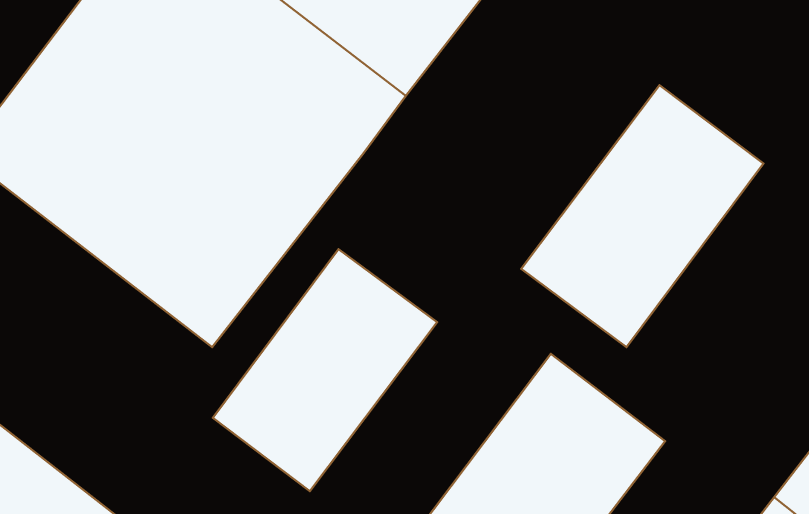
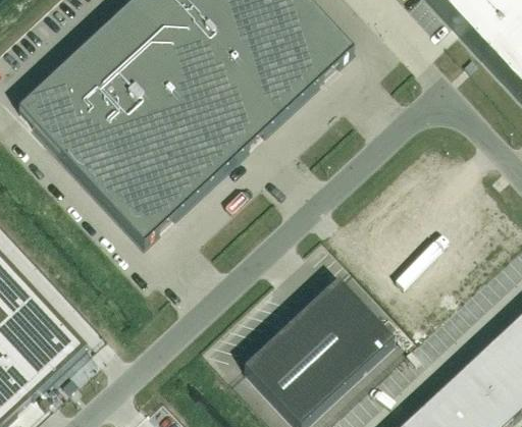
building: [521,85,763,347] -> none
building: [213,249,437,491] -> none

